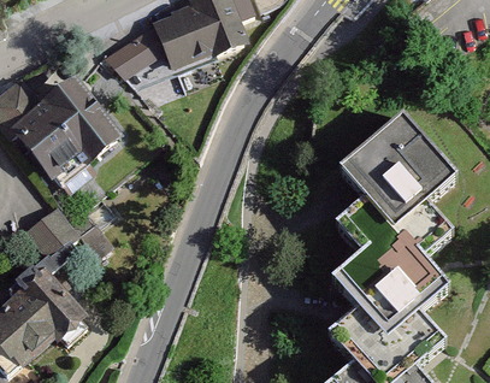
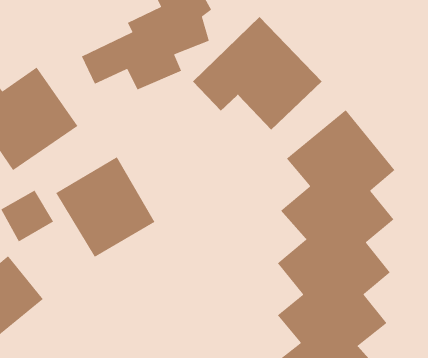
building: none -> [192,16,322,130]
building: none -> [55,156,156,258]

